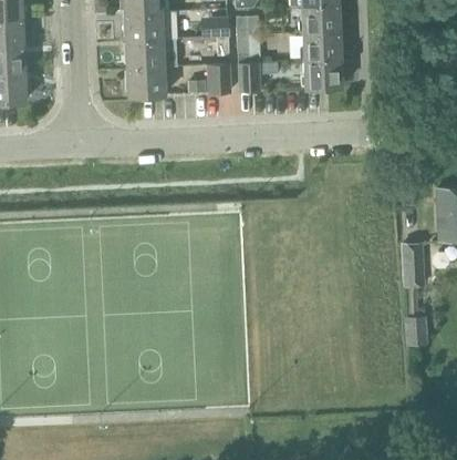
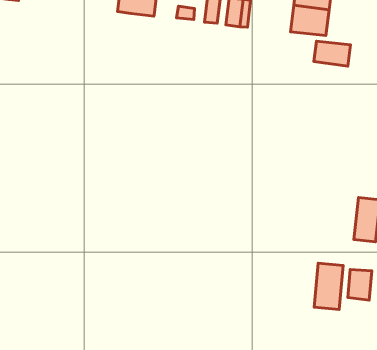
building: none -> [314,41,351,66]
building: none -> [314,263,343,309]

